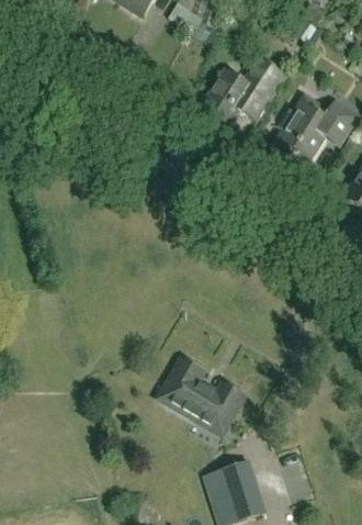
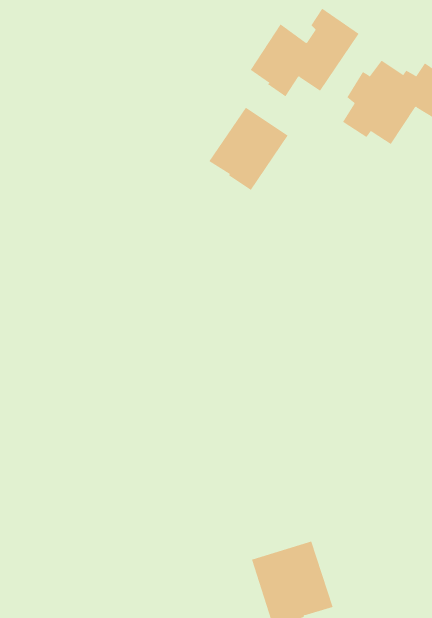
building: none -> [209,107,289,191]
building: [161,358,244,431] -> none

